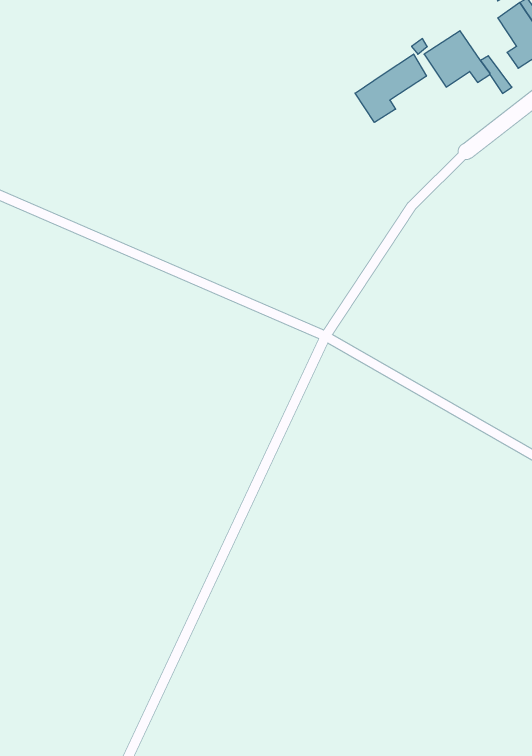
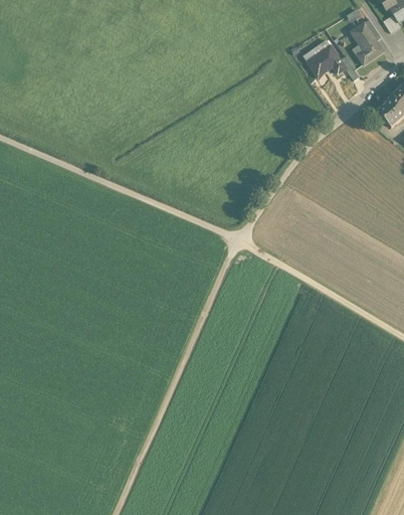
building: [355,54,426,122] -> none

